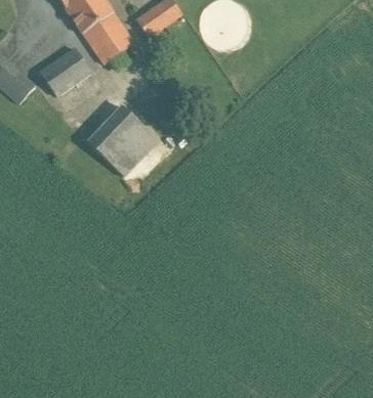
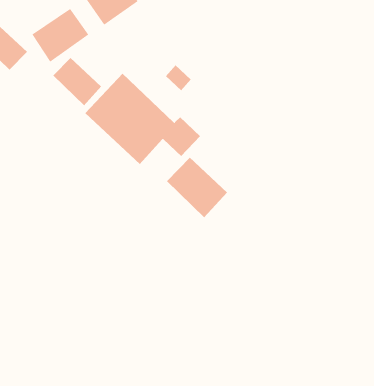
building: none -> [53,57,102,106]
building: none -> [166,157,228,218]

